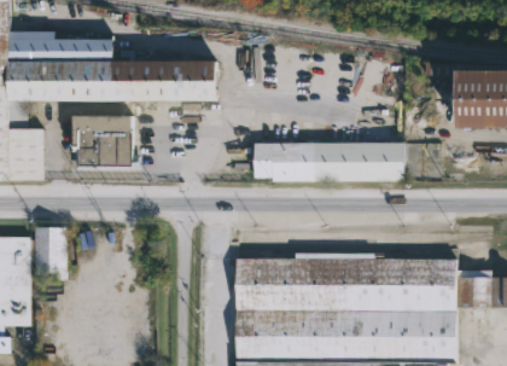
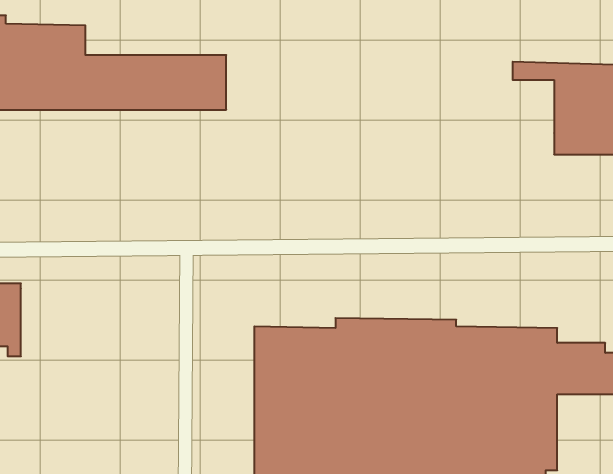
building: [71,114,142,169] -> none
building: [253,141,406,180] -> none

